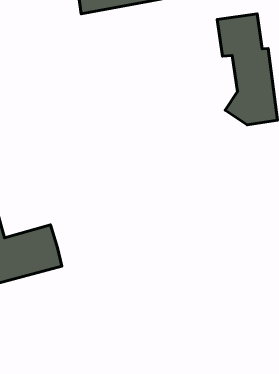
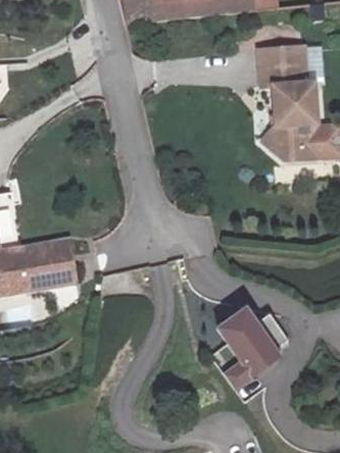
building: none -> [203,312,283,390]

